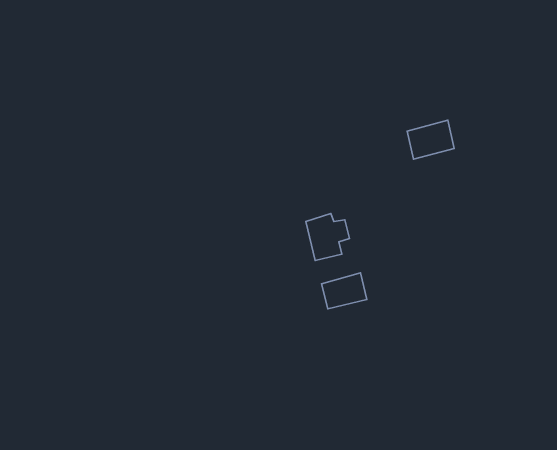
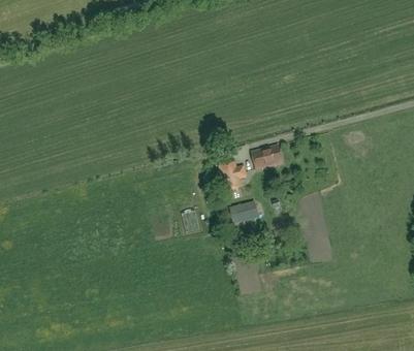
building: [407,120,454,159] -> [251,143,282,169]

